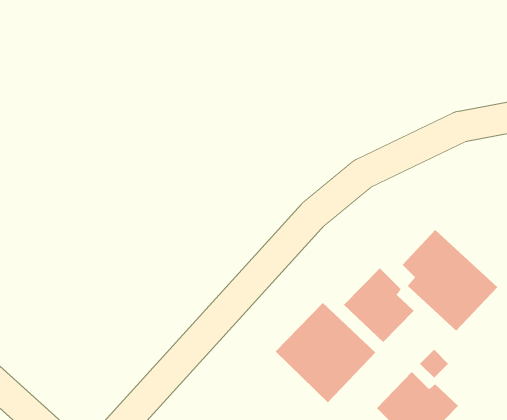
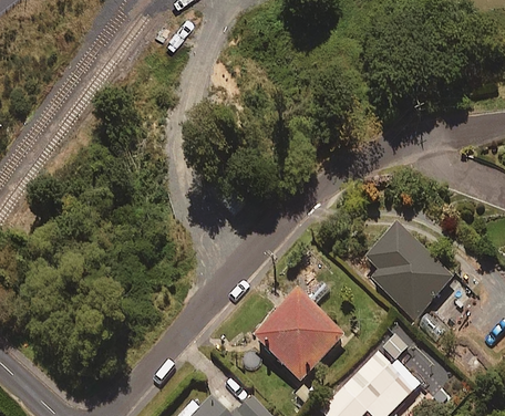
building: [343,267,414,343] -> none

